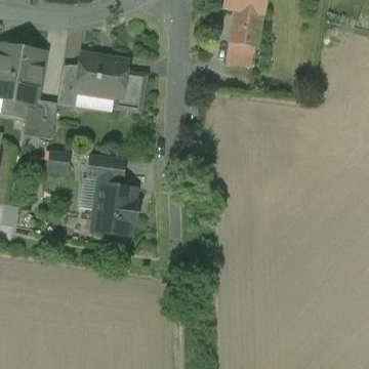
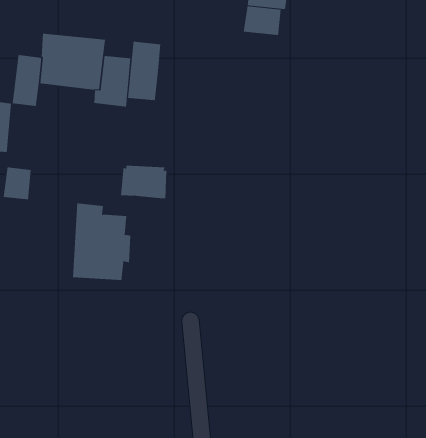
building: none -> [127,41,161,101]
building: [87,154,122,179] -> [120,165,167,199]

